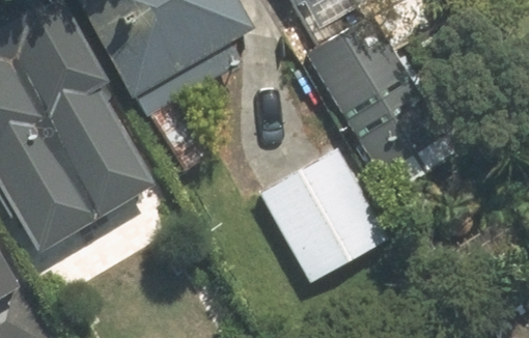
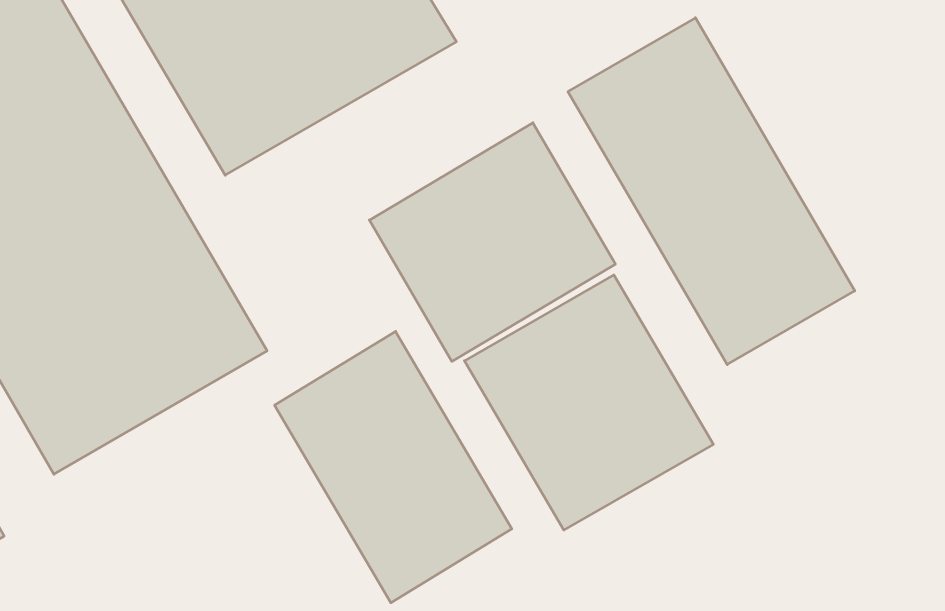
building: none -> [369,123,615,361]
building: none -> [275,331,512,603]

